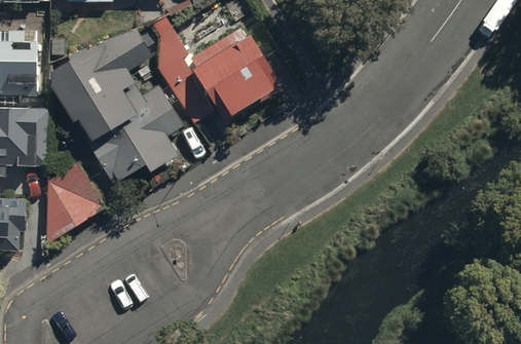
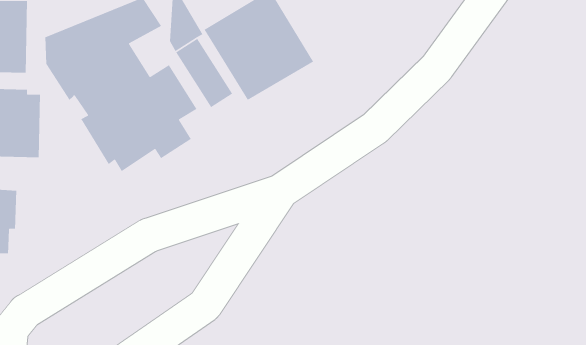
building: [45,165,104,246] -> none

